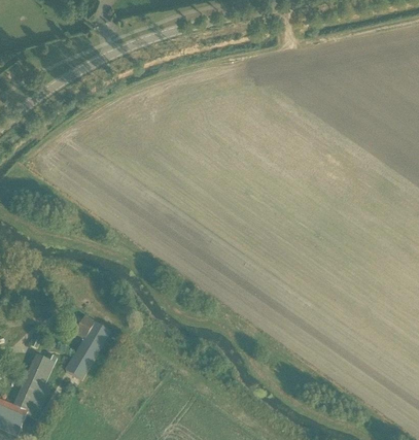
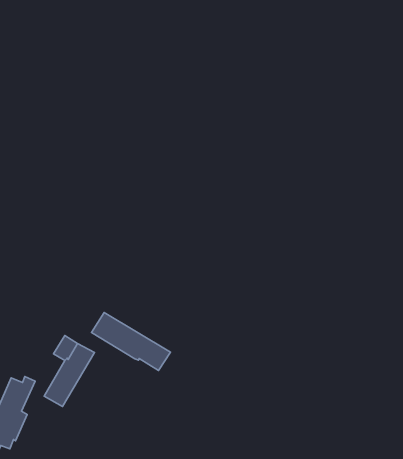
building: none -> [92,313,171,370]

